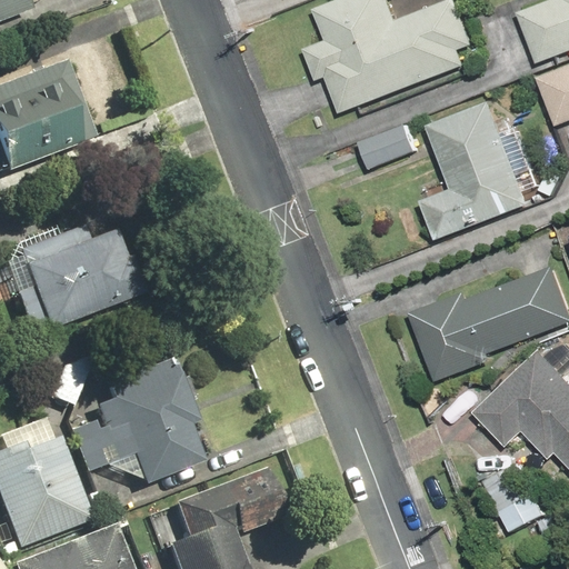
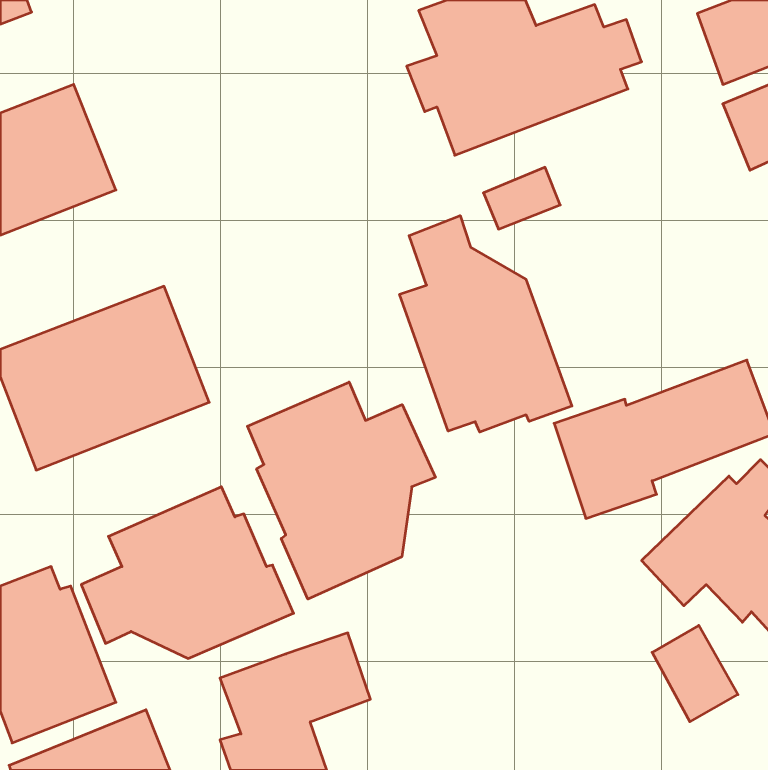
building: [420,100,529,239] -> none
building: none -> [400,216,572,432]
building: none -> [247,382,435,599]

